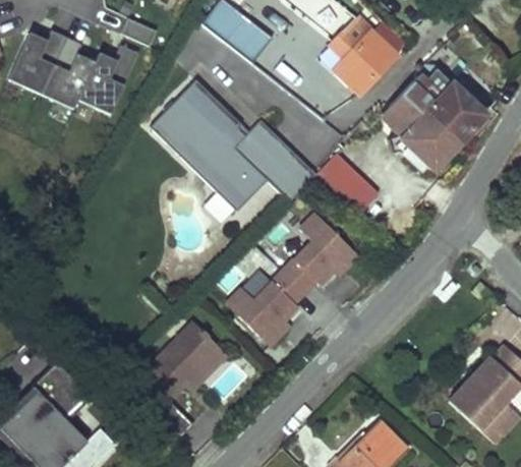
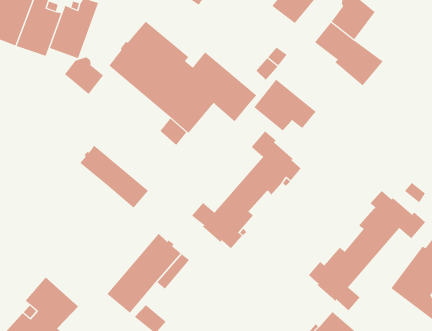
building: [428,85,485,142] -> none
building: none -> [64,56,104,95]
building: none -> [80,145,149,208]
building: none -> [308,190,426,311]

